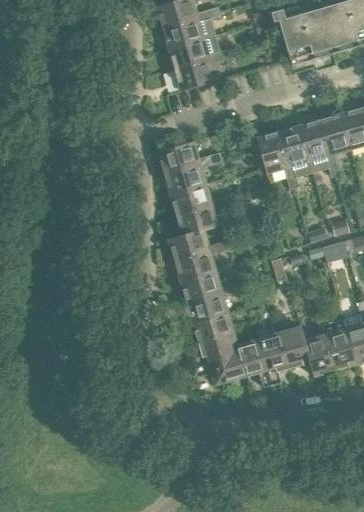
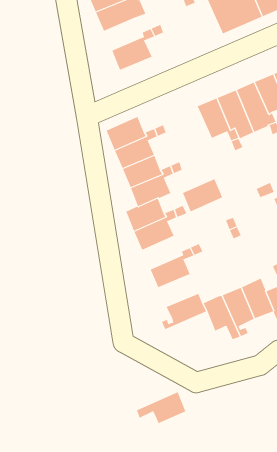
building: [168,36,209,67] -> none
building: [180,269,222,301] -> [182,178,223,212]
building: [192,311,234,342] -> none
building: [194,352,246,383] -> [136,392,186,424]

